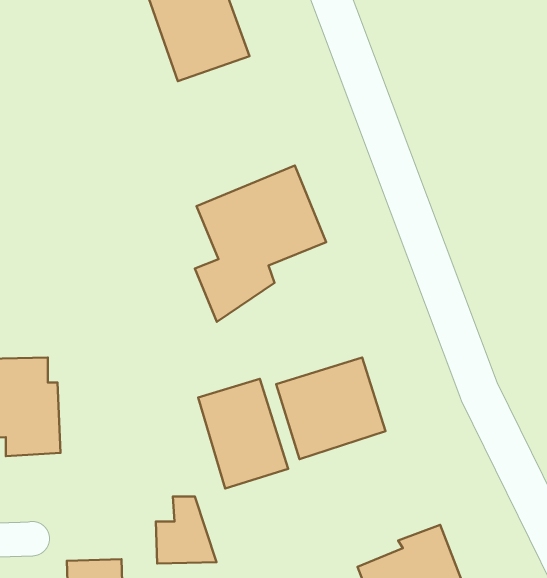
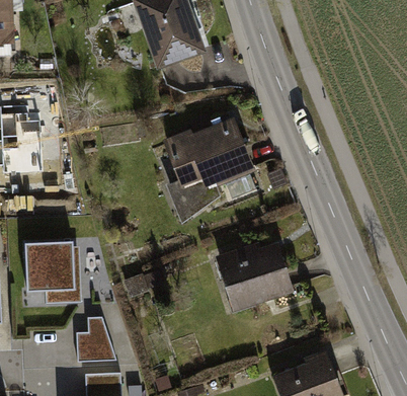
building: [198,379,288,489] -> none
building: [156,496,217,564] -> [76,317,115,361]

